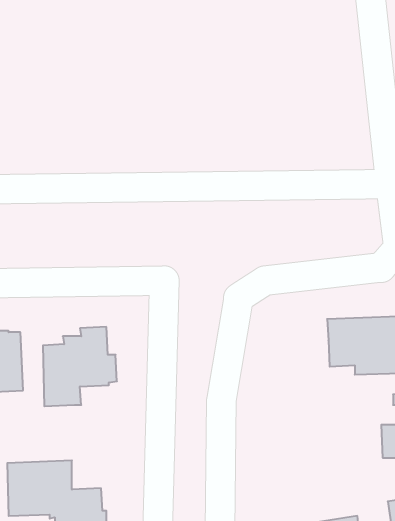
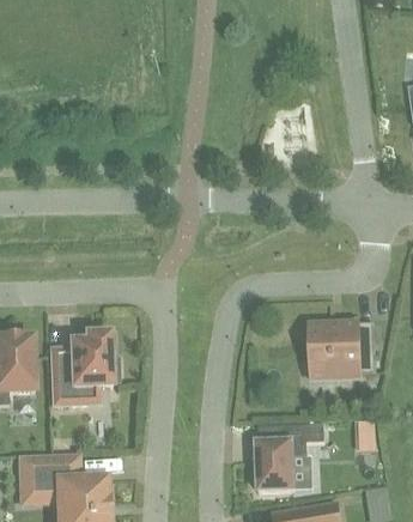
building: none -> [253,423,323,491]

